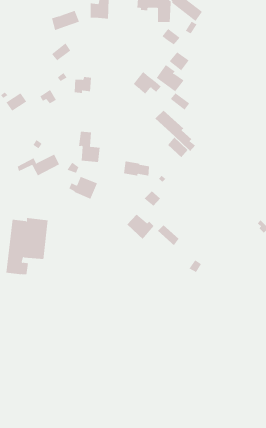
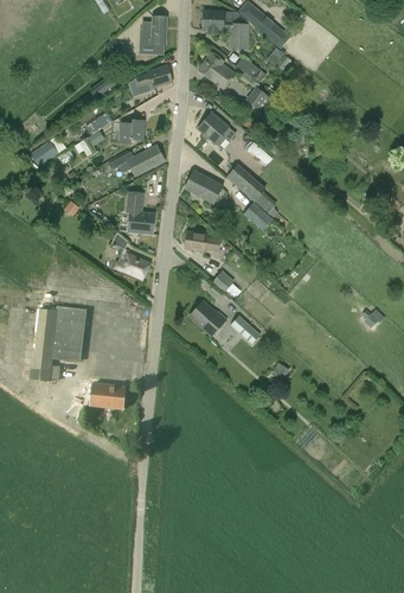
building: [51,10,80,31] -> [135,65,173,93]
building: [156,64,184,92] -> [198,52,236,89]
building: none -> [185,170,223,204]
building: [17,154,60,176] -> [108,146,165,176]
building: none -> [90,383,126,409]

